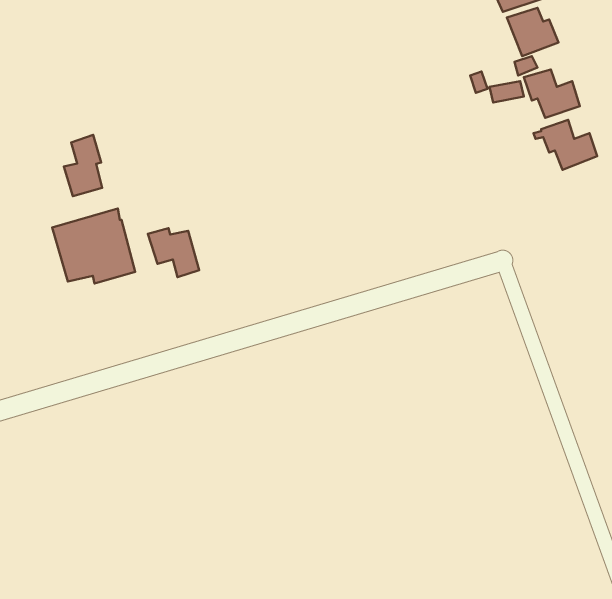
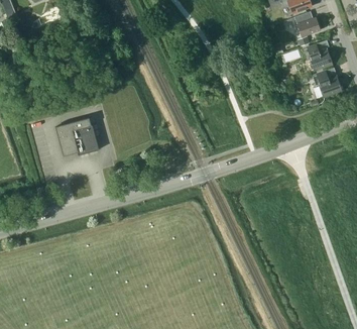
building: [64,135,102,196] -> none
building: [148,228,199,277] -> none

